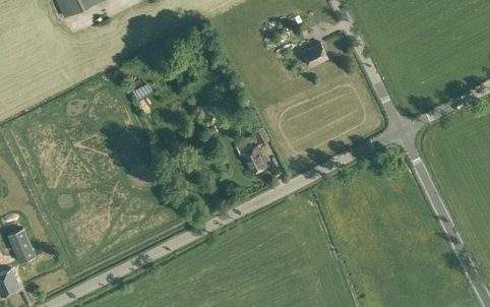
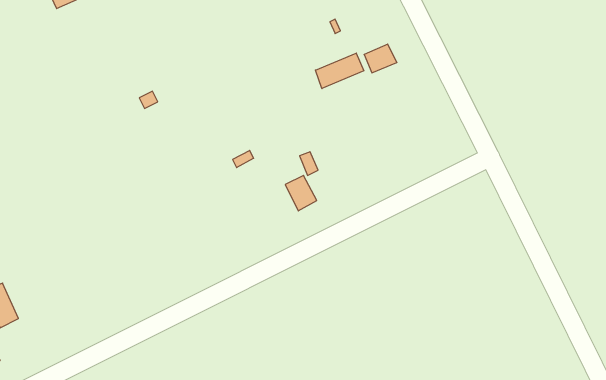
building: none -> [315,53,364,89]

